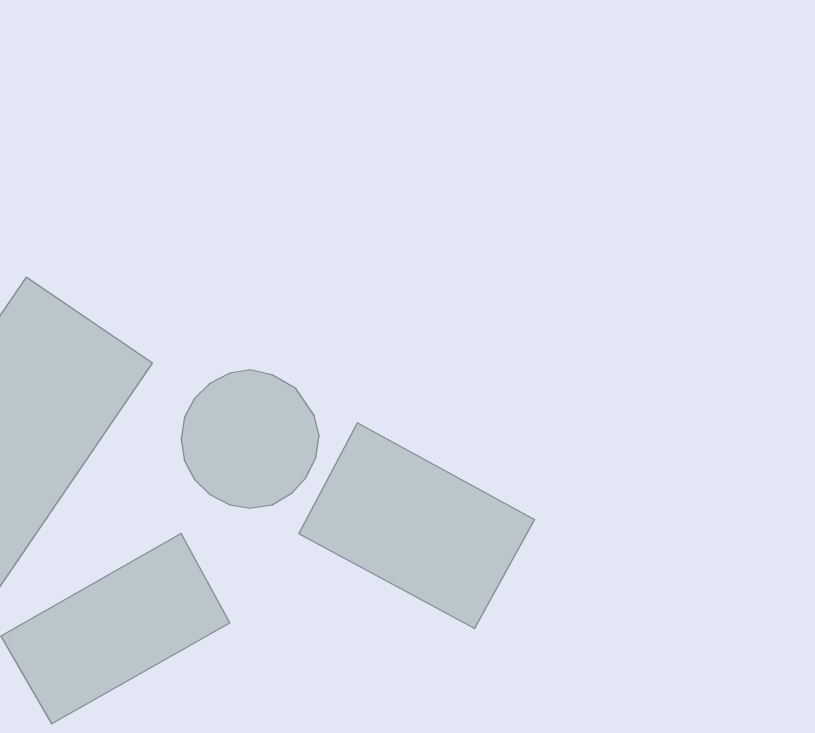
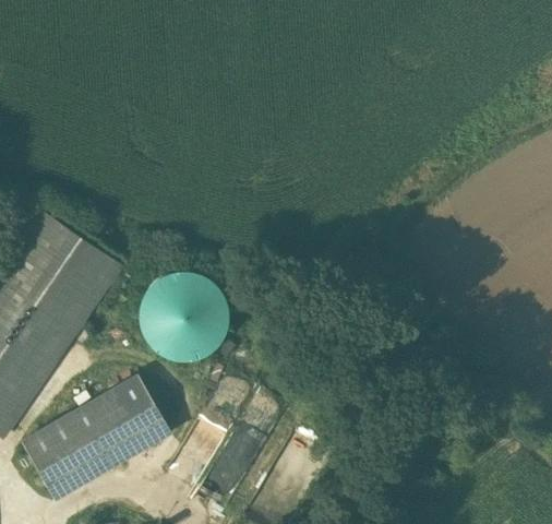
building: [299,423,535,629] -> none

